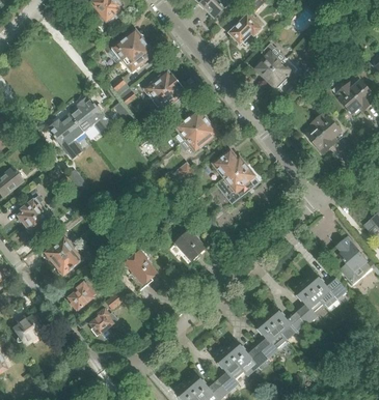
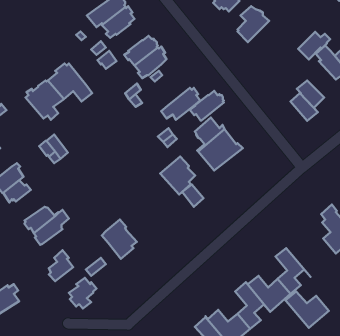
building: [266,61,297,88] -> [298,32,330,59]
building: [175,111,209,140] -> [190,91,224,121]
building: [171,229,206,266] -> [160,156,195,195]
building: [303,272,347,307] -> [284,292,329,328]

